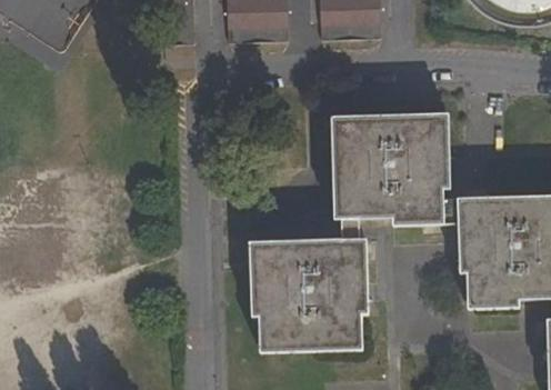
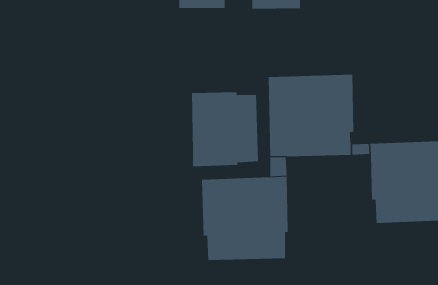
building: none -> [192,91,259,167]

